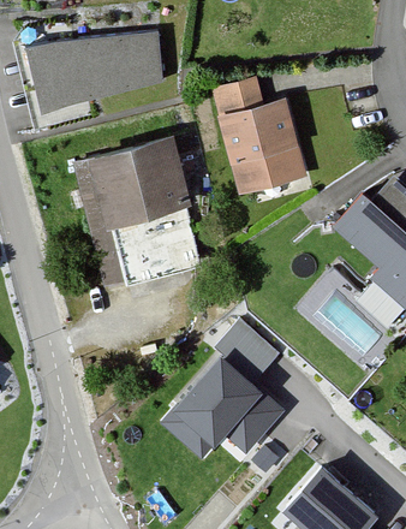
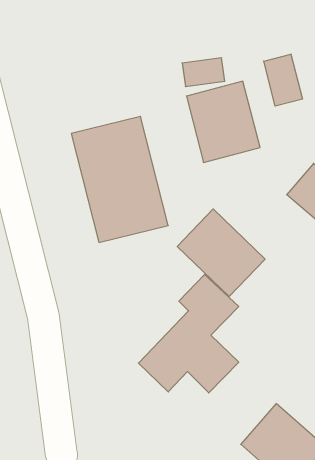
building: [26,25,166,107] -> none
building: none -> [264,54,303,106]
building: none -> [177,209,265,297]

